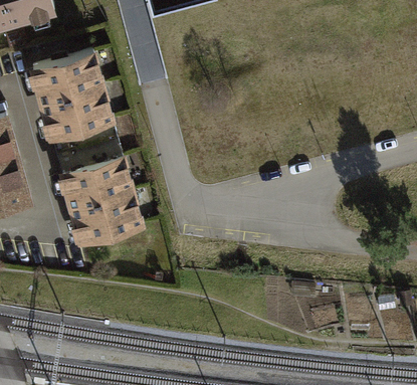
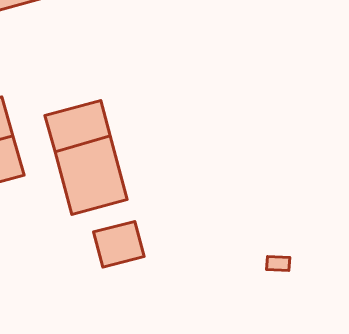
building: [32,52,112,137] -> none
building: none -> [93,221,144,267]

